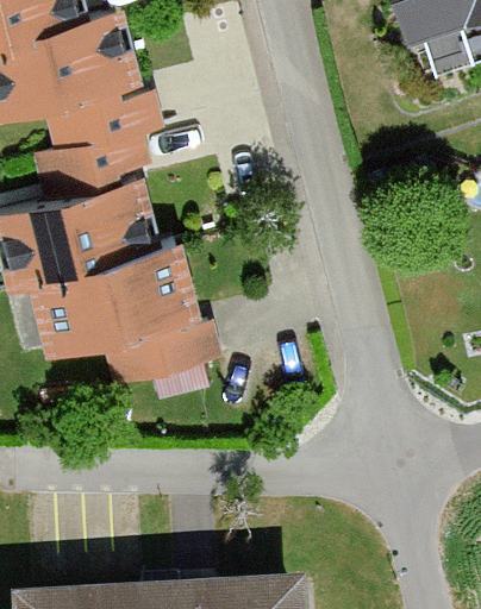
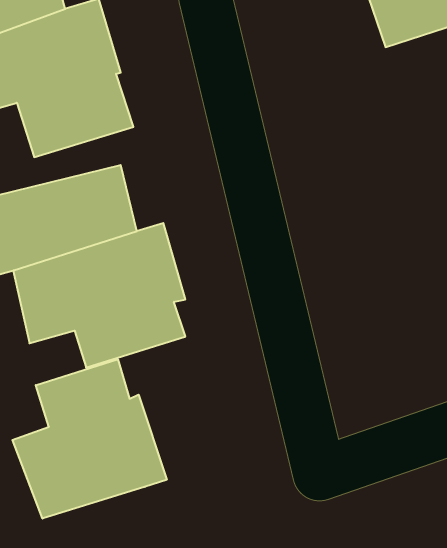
building: none -> [12,359,167,519]

